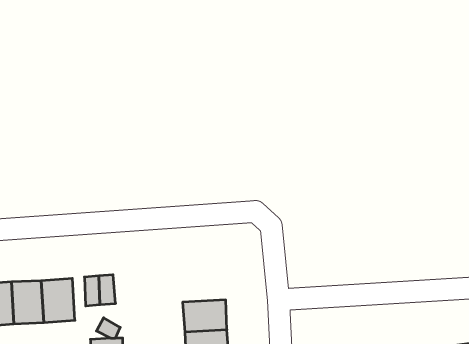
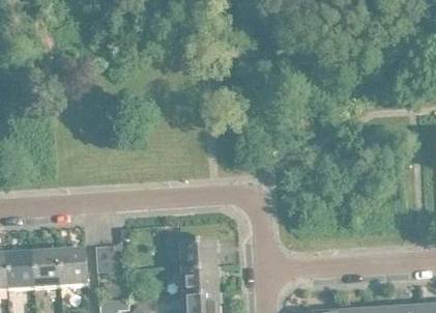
building: none -> [179,239,217,268]

